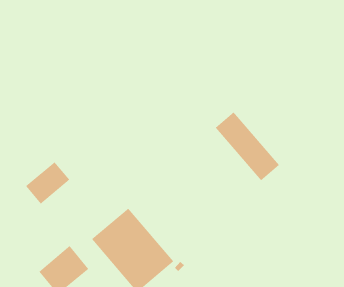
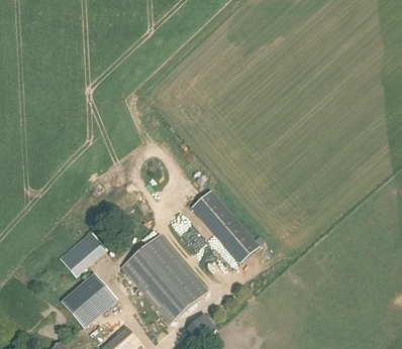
building: [215,111,280,181] -> [190,190,259,263]
building: [25,161,70,204] -> [59,232,106,277]

